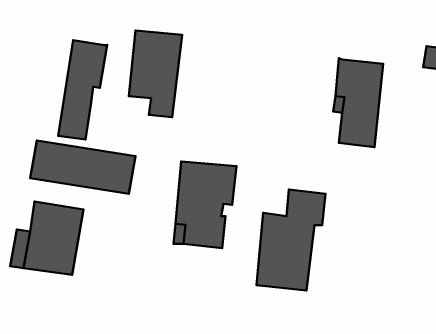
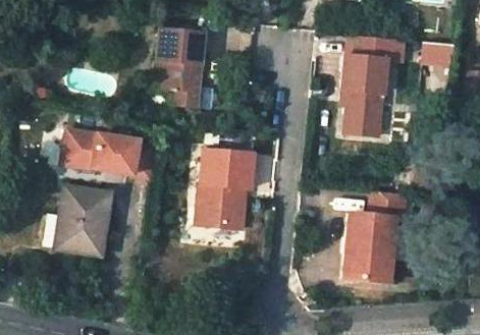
building: none -> [350,36,406,61]
building: [58,40,107,139] -> none
building: [257,190,325,291] -> [344,189,408,282]

